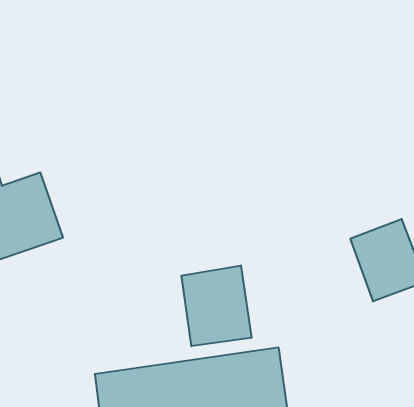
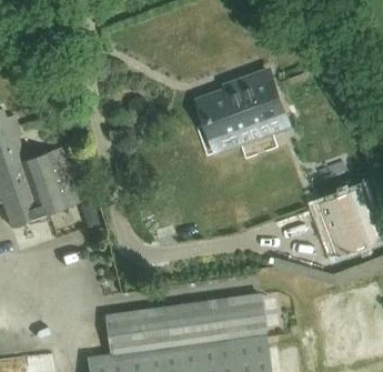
building: none -> [199,70,290,153]
building: [181,265,252,346] -> none

